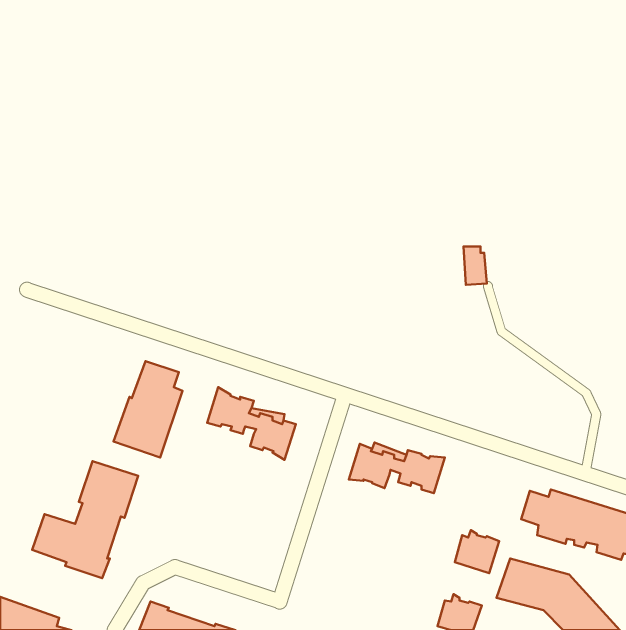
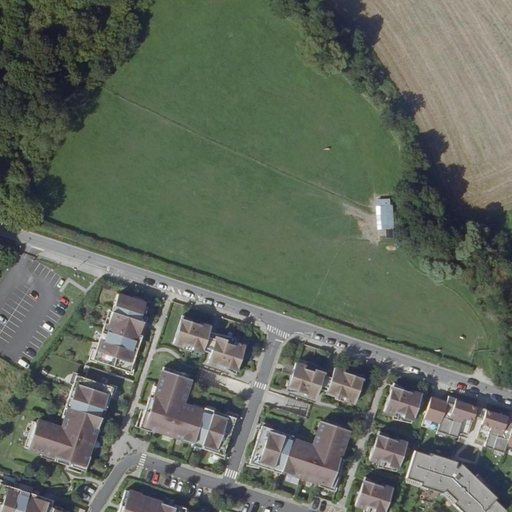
building: none -> [142,371,236,456]
building: none -> [386,381,422,416]
building: none -> [250,421,350,490]

